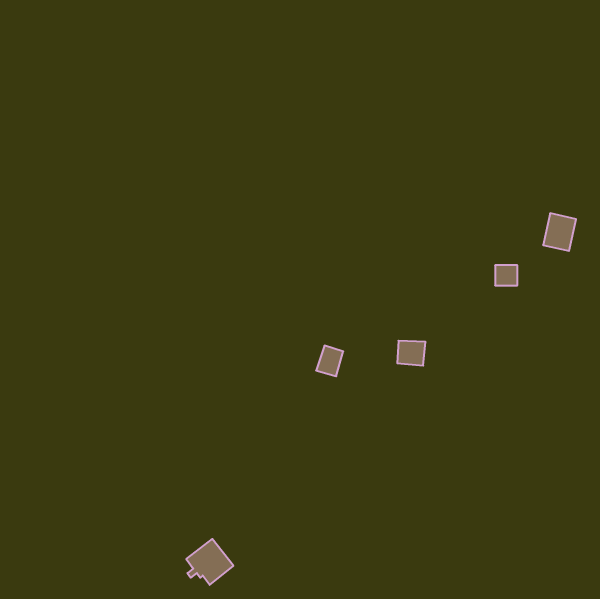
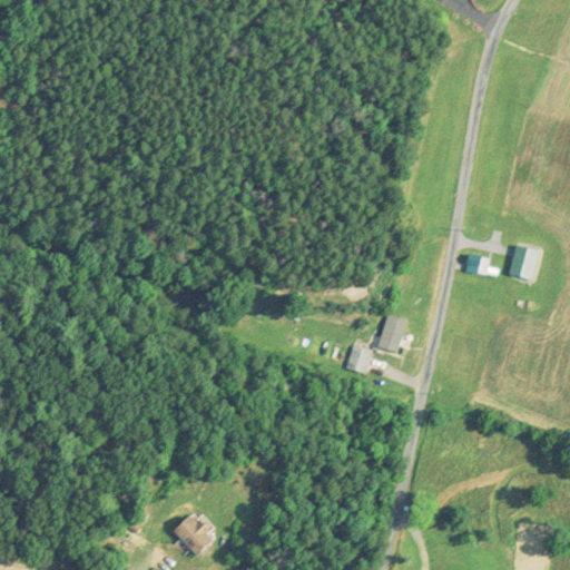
building: [543,213,576,251] -> [509,244,540,279]
building: [316,346,343,376] -> [345,344,371,373]

